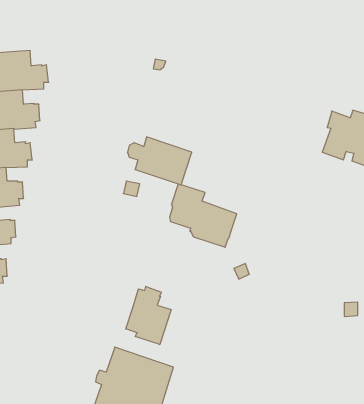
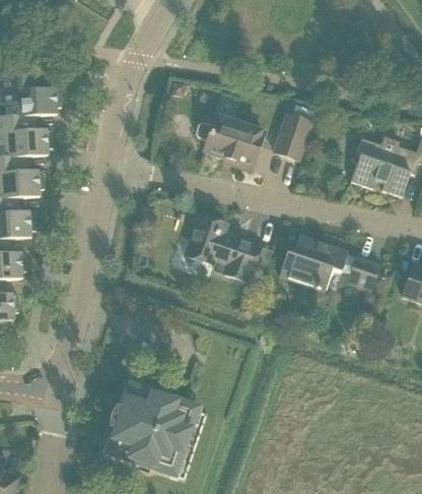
building: none -> [275,114,311,161]
building: [127,137,192,185] -> [196,116,264,167]
building: none -> [279,236,380,292]
building: [126,286,171,345] -> none

